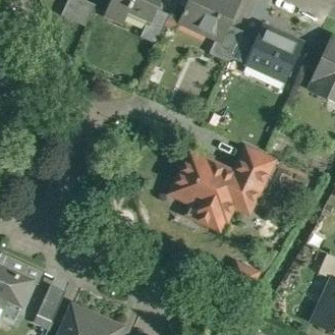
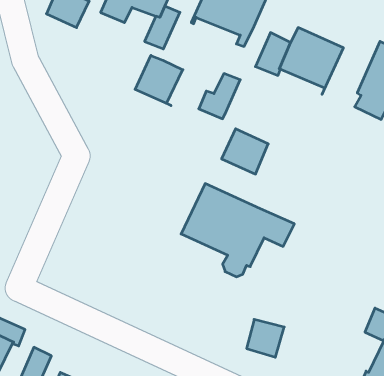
building: [208,25,241,62] -> [199,74,240,119]
building: none -> [135,55,183,106]
building: [233,149,271,185] -> [222,129,268,174]

